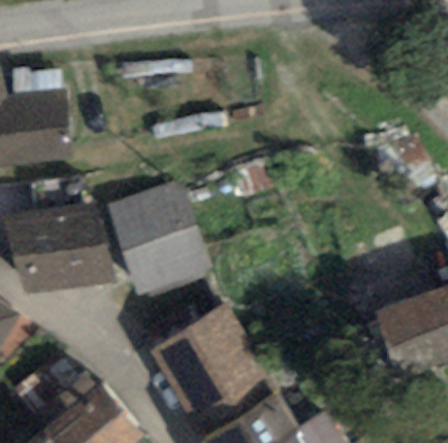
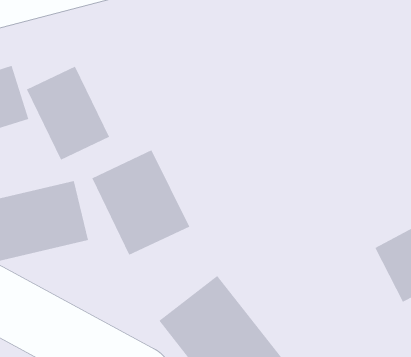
building: none -> [26,66,110,160]

